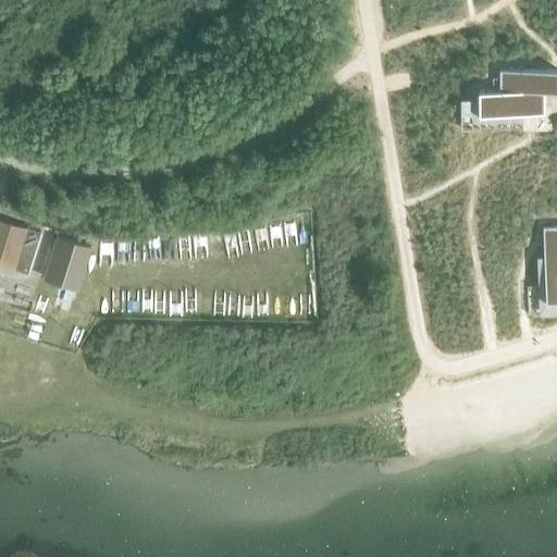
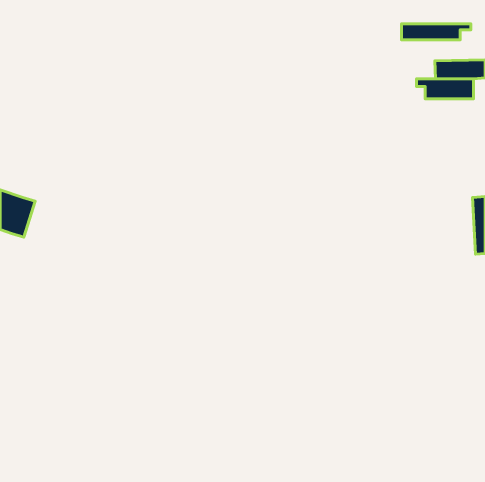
building: none -> [401,24,471,40]
building: [42,238,90,290] -> none

